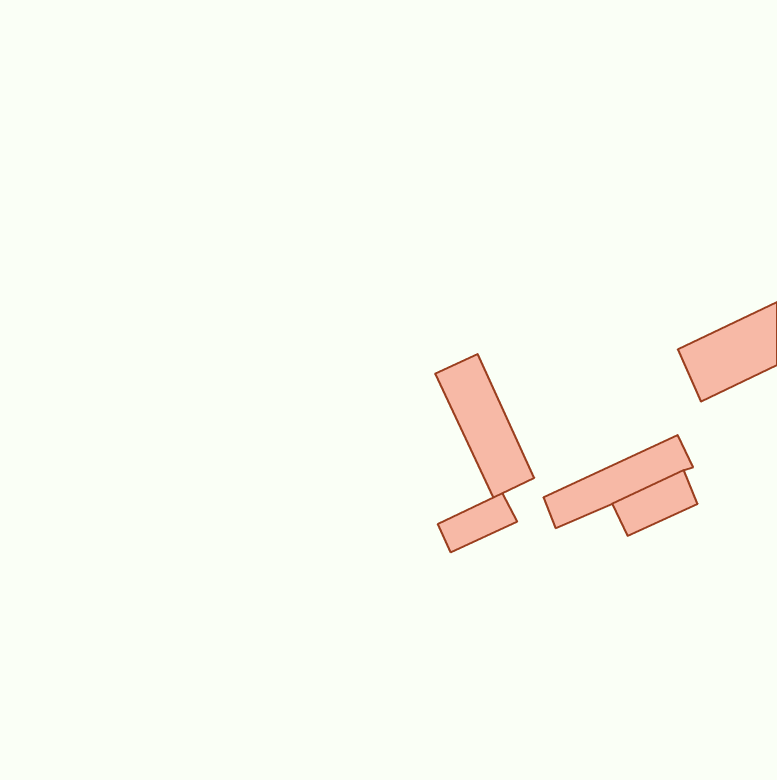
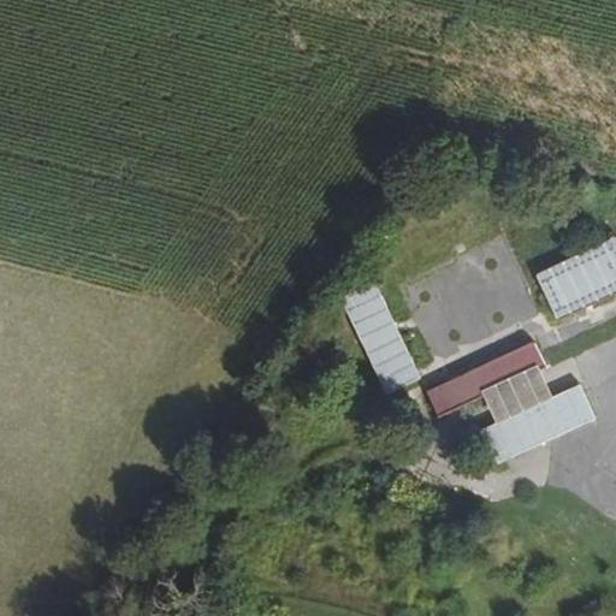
building: none -> [476,386,588,463]
building: [438,493,517,552] -> none

